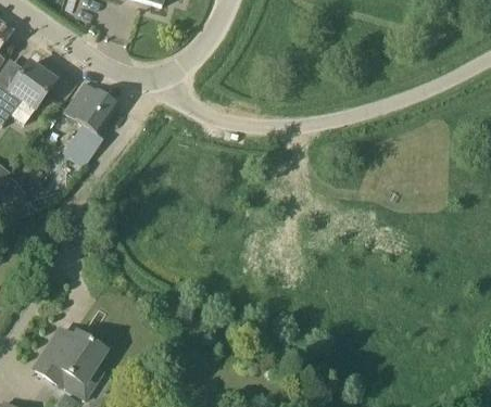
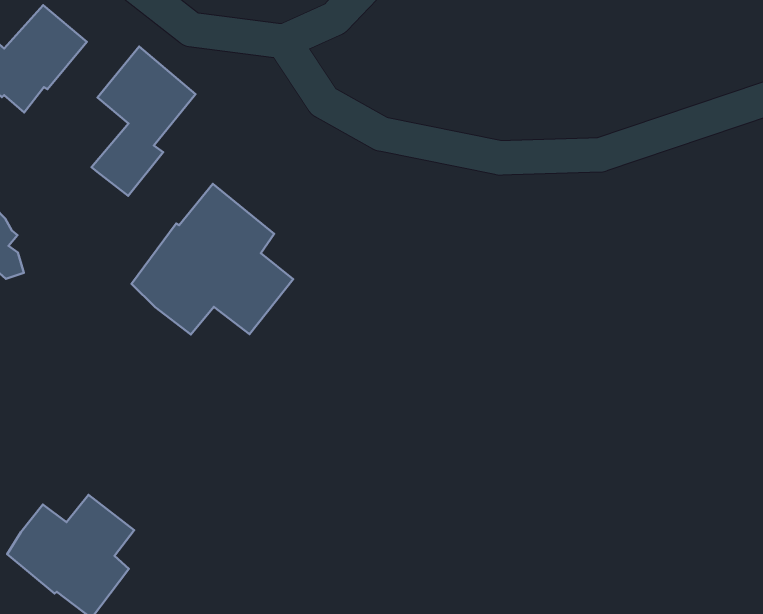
building: none -> [131,184,293,335]

